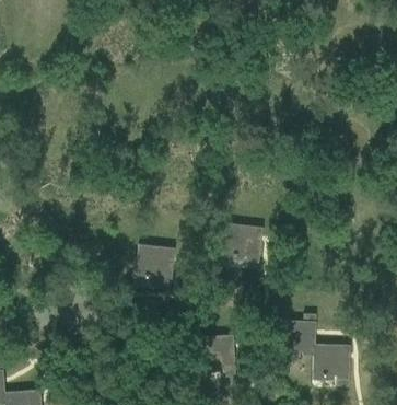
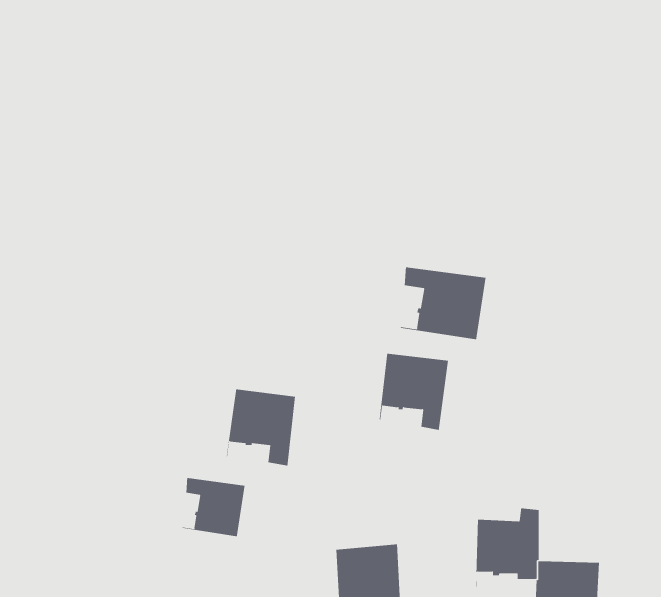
building: none -> [399,266,486,340]
building: none -> [181,477,245,537]

